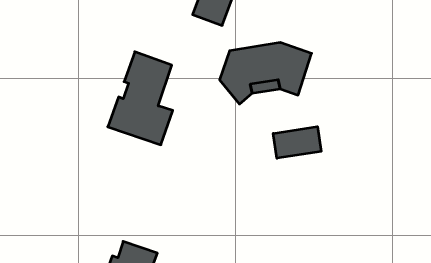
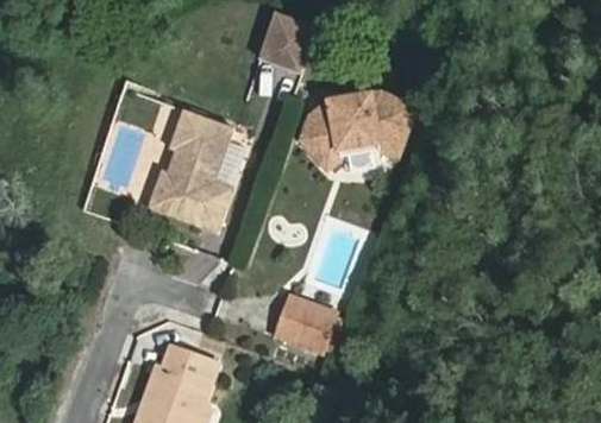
building: [273,127,321,158] -> none
building: none -> [268,293,332,355]

